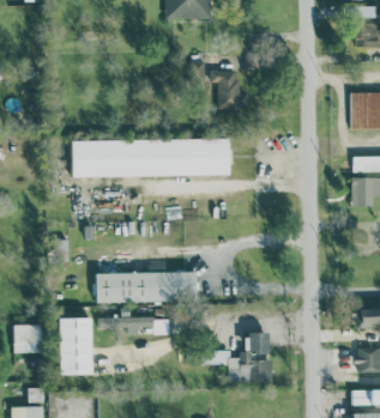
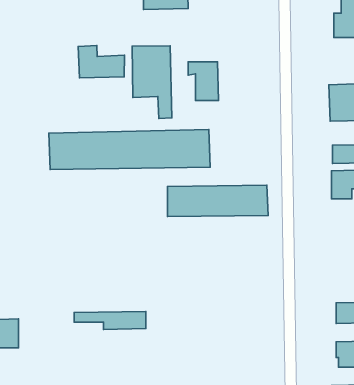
building: none -> [78,46,124,78]
building: none -> [132,46,172,119]
building: [97,272,197,303] -> [167,185,268,217]
building: [60,317,94,376] -> none
building: [201,333,272,383] -> none

